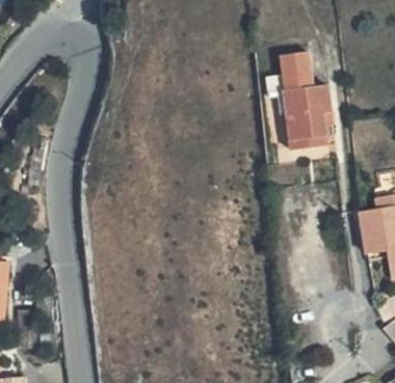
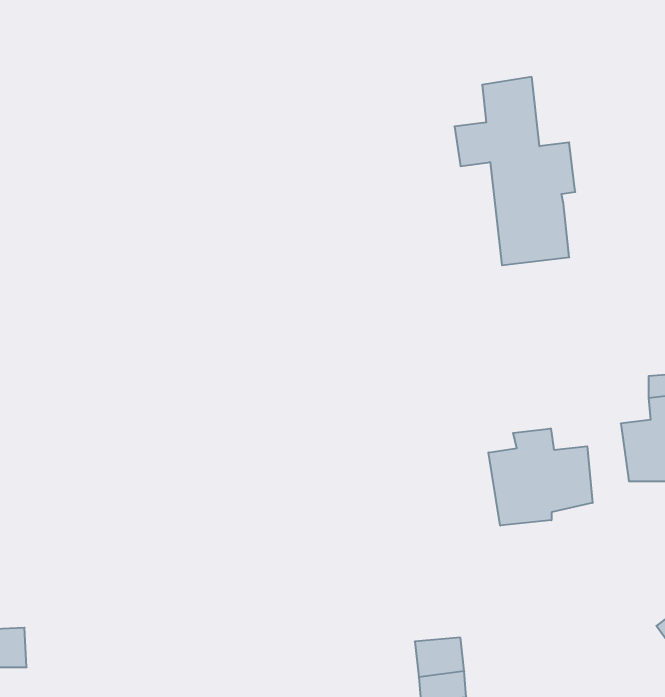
building: none -> [488,428,593,526]

